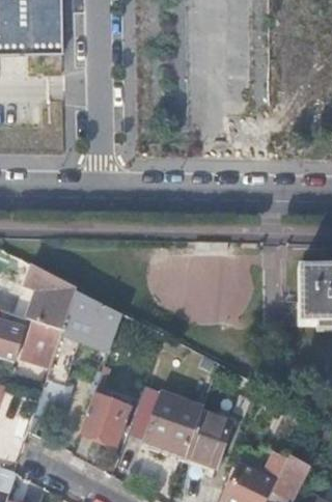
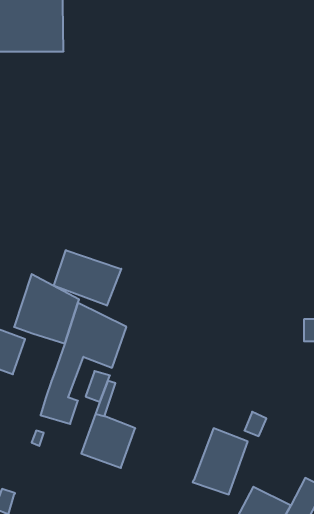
building: none -> [54,250,121,306]
building: [21,317,63,362] -> none
building: [129,385,204,455] -> none

